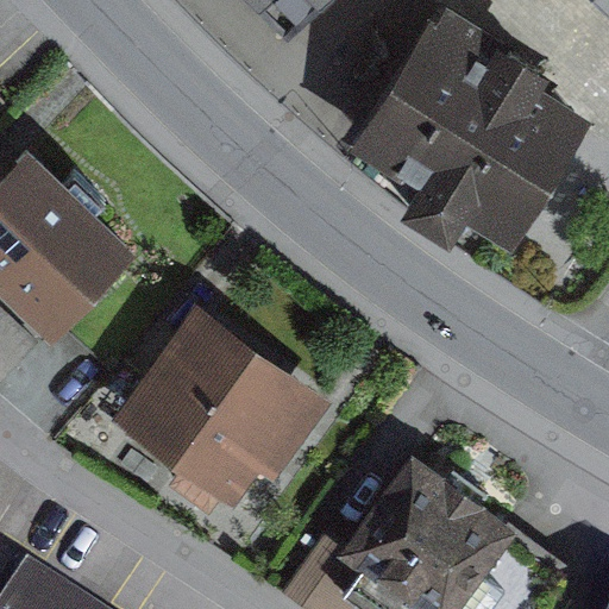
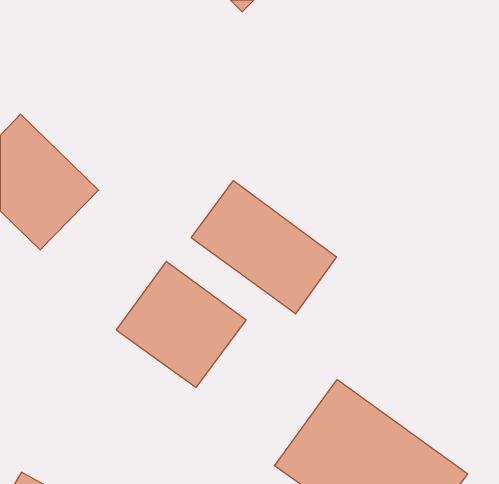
building: [371,27,585,241] -> none
building: none -> [191,181,337,314]

